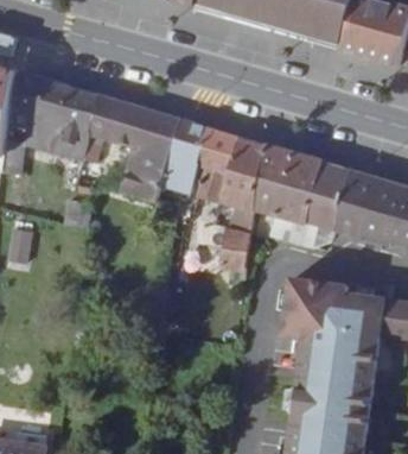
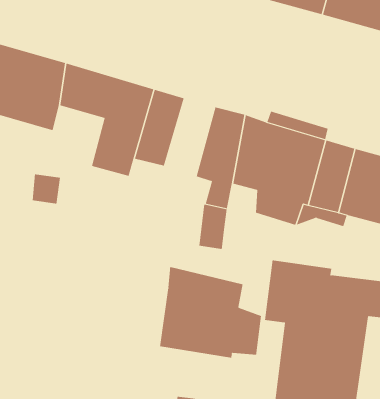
building: [197,127,237,201] -> none
building: none -> [160,266,262,358]

